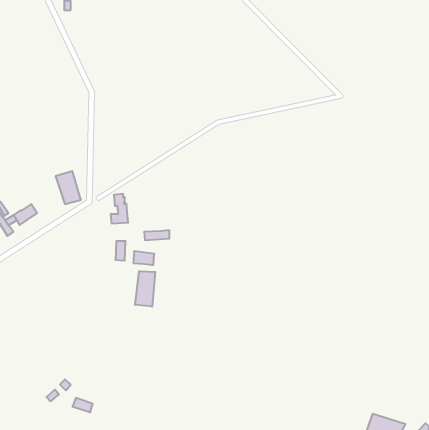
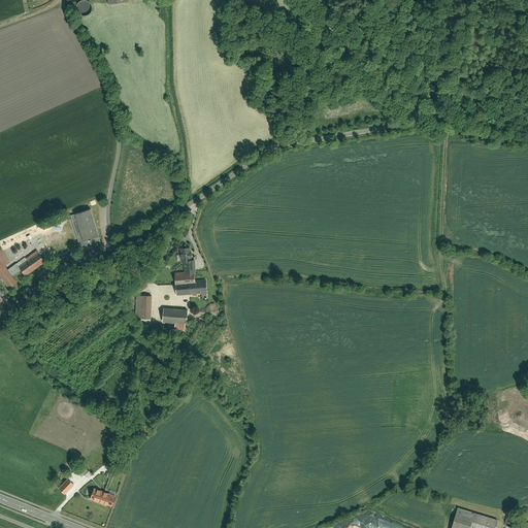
building: [111,194,128,223] -> [175,249,197,285]
building: [135,271,155,307] -> none

